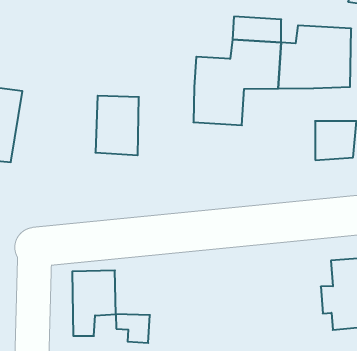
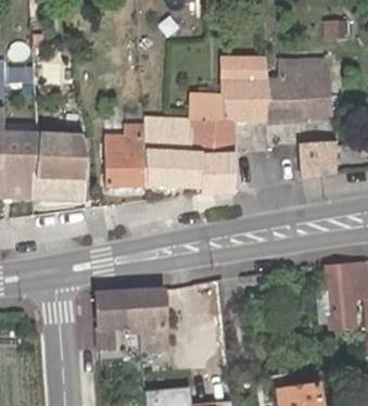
building: none -> [143,120,237,193]
building: none -> [33,134,85,198]
building: none -> [131,287,165,328]

